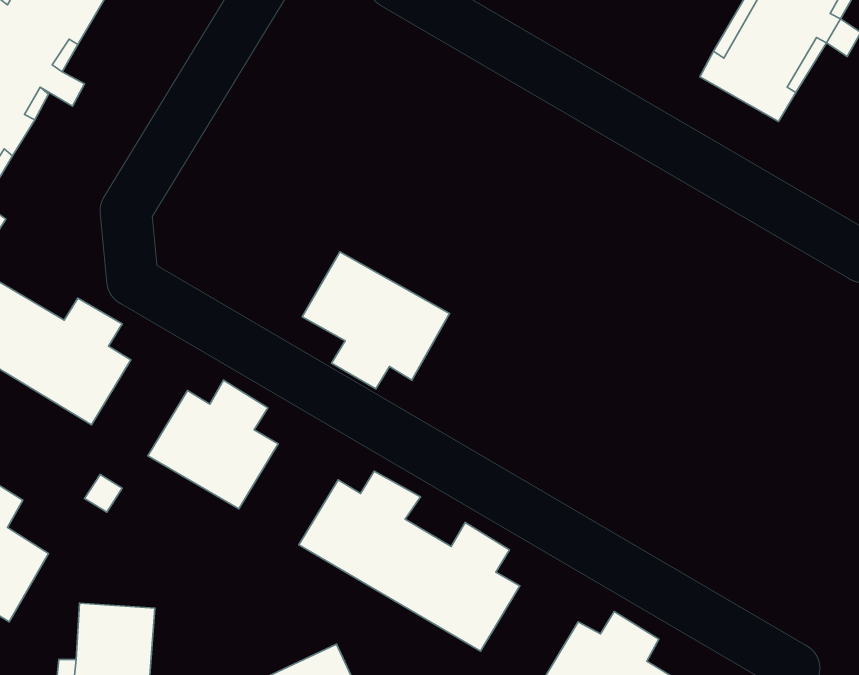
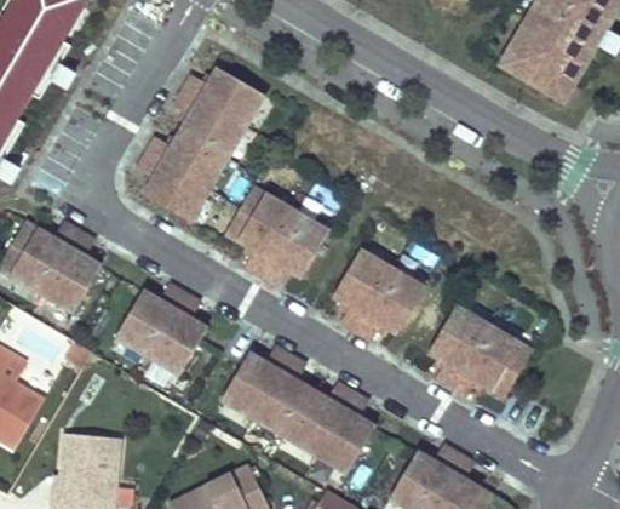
building: none -> [136,67,264,223]
building: none -> [332,251,423,341]
building: none -> [427,305,532,396]

